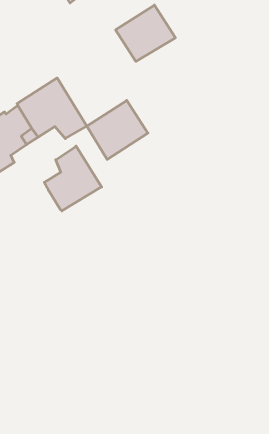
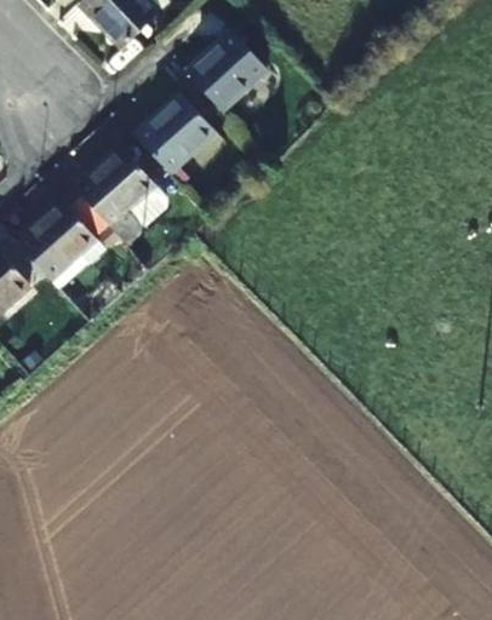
building: [87,100,148,159] -> [136,96,216,176]
building: [44,146,102,211] -> none

